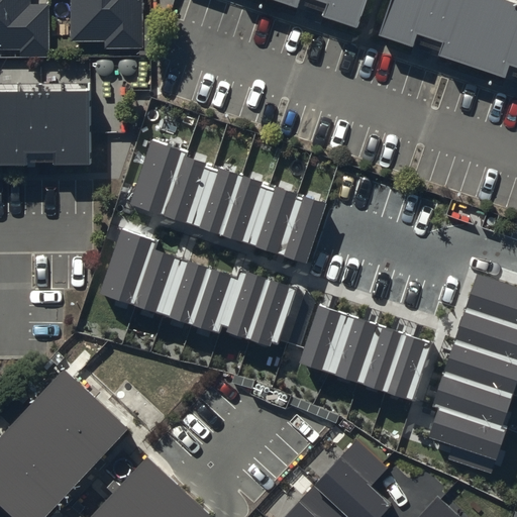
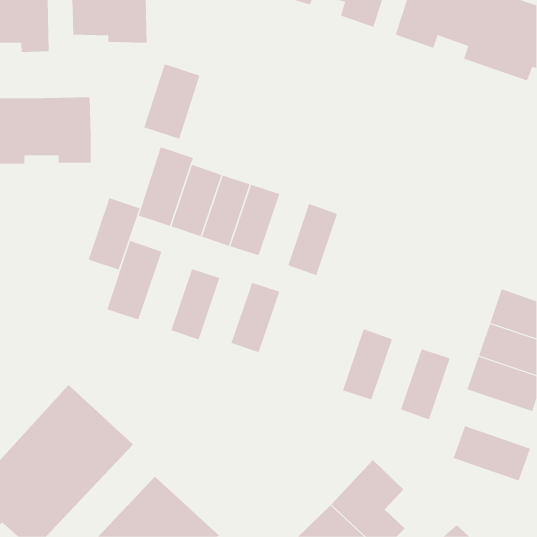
building: none -> [144,63,200,140]
building: [248,186,296,254] -> none
building: [133,247,184,317] -> [88,198,140,270]
building: [191,267,239,335] -> none
building: [248,280,297,348] -> none
building: [301,306,348,375] -> none
building: [356,325,404,393] -> none
building: [436,374,511,427] -> none

